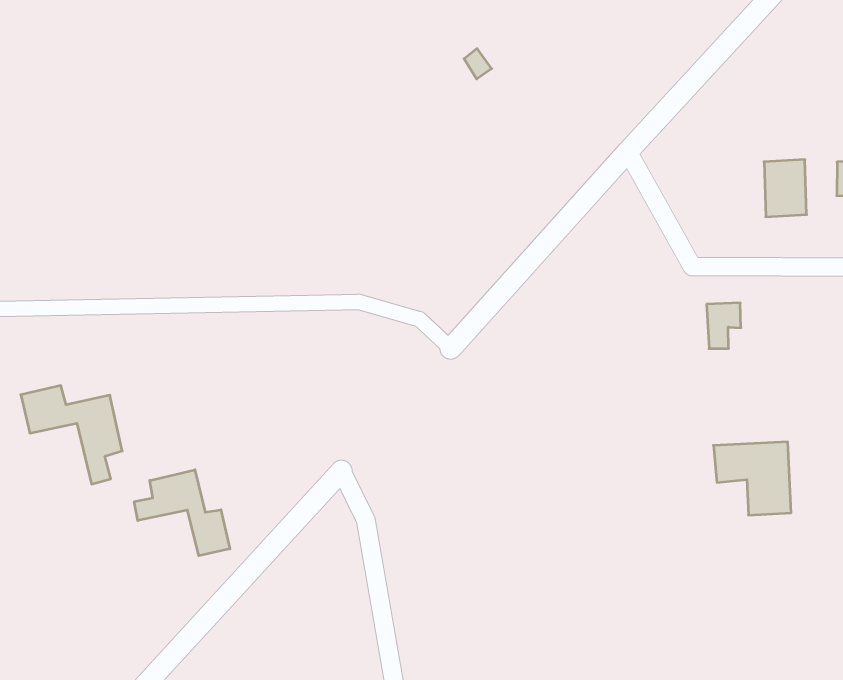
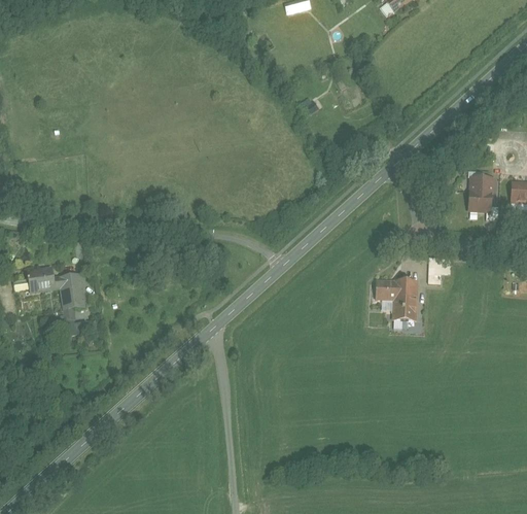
building: [713,442,791,515] -> [375,276,418,319]
building: [134,470,230,556] -> none

